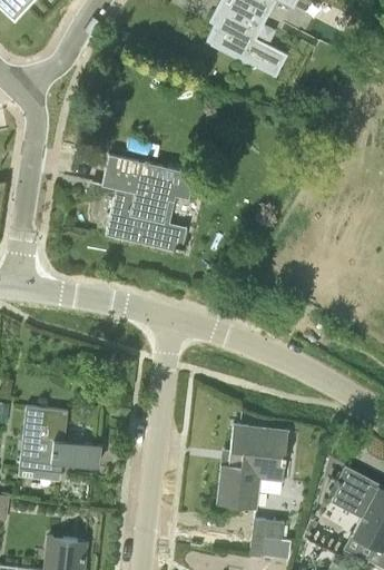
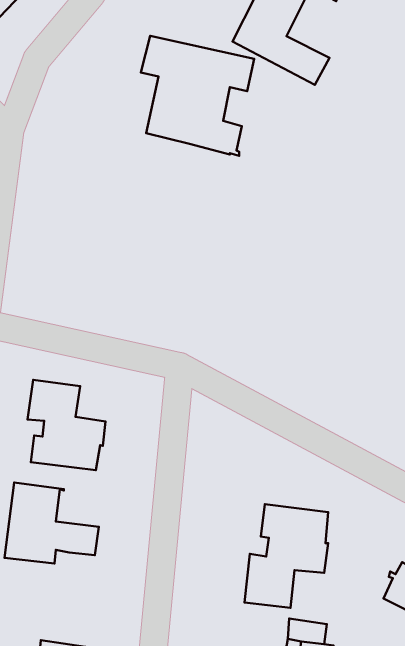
building: [101,155,195,254] -> [141,36,254,156]
building: none -> [28,380,106,470]

